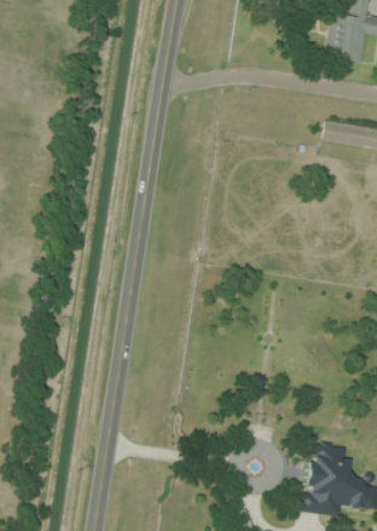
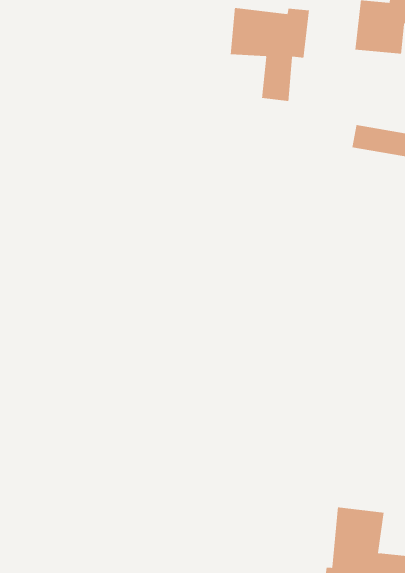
building: none -> [230,7,310,102]

